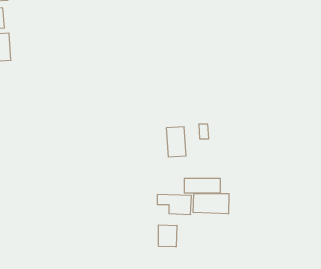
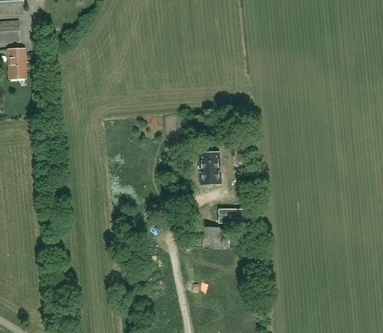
building: [193,193,229,214] -> none
building: [159,225,177,247] -> none

